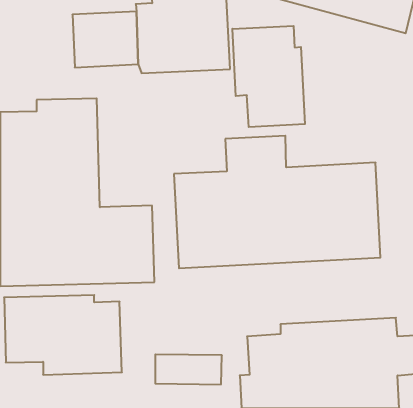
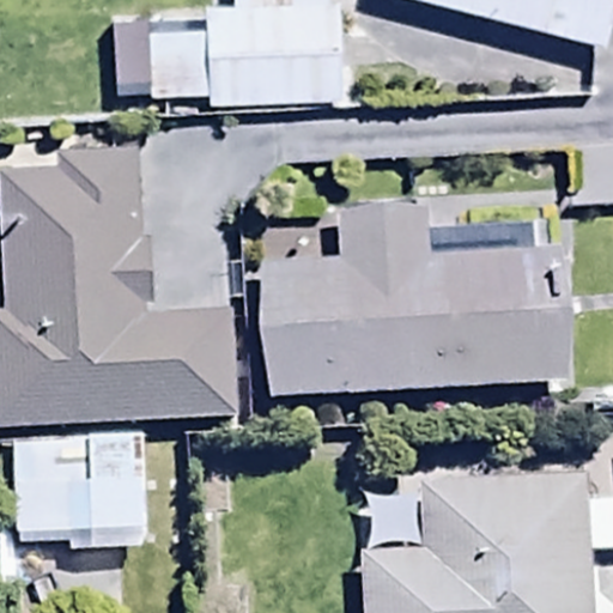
building: [232,26,305,127] -> none

